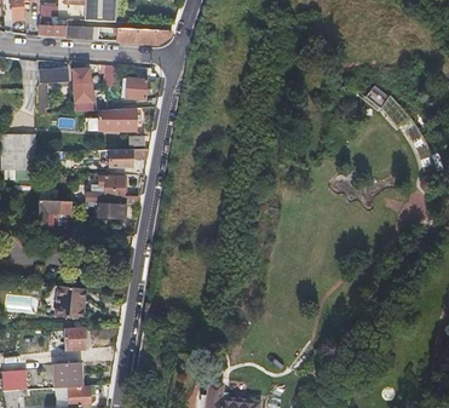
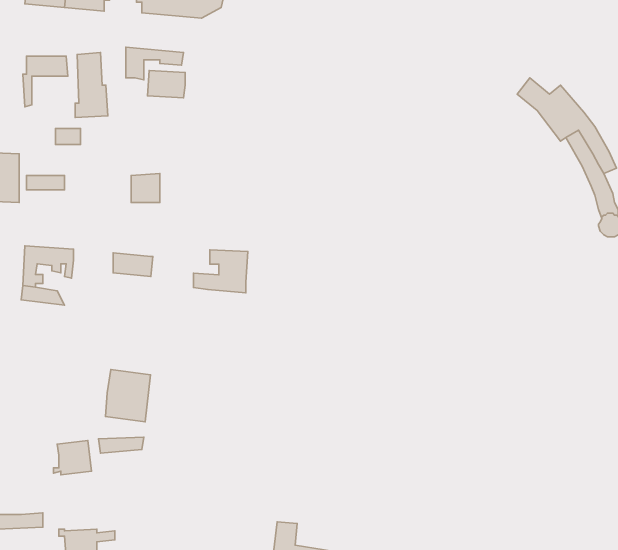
building: [99,107,137,128] -> none
building: [88,174,125,203] -> [194,250,248,293]
building: [53,283,84,318] -> [106,369,151,422]
building: [50,361,80,386] -> none

